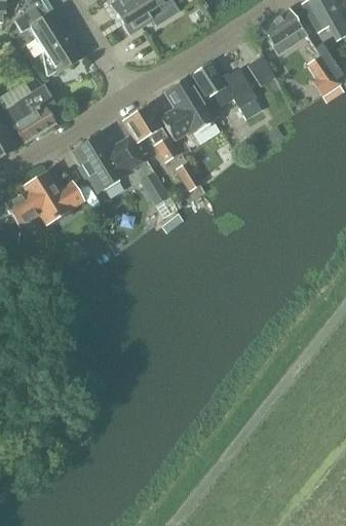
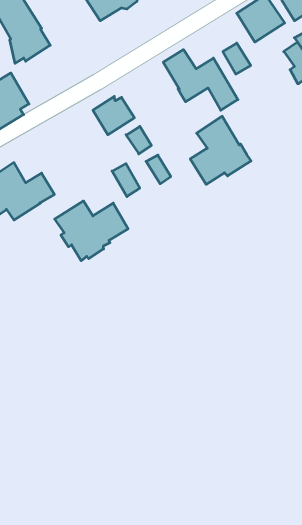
building: [157,75,216,141] -> [190,116,251,184]
building: [72,135,143,192] -> [55,201,128,261]

